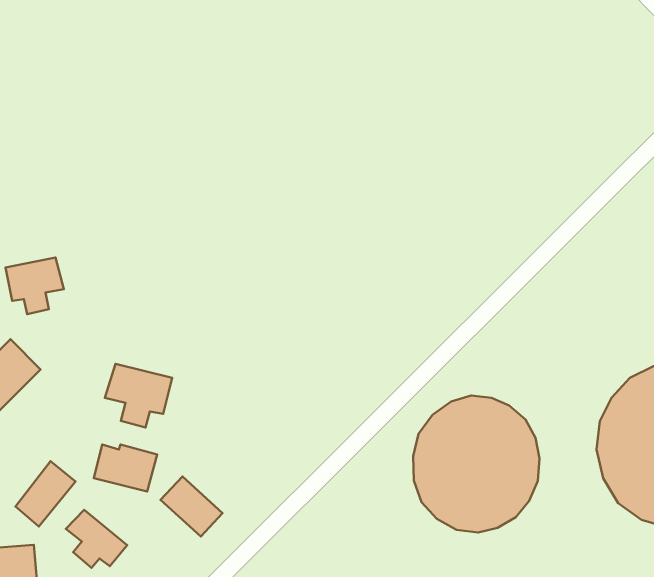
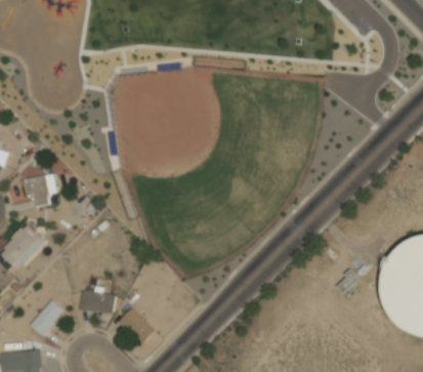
building: [105,364,172,428] -> none
building: [413,395,539,533] -> none
building: [66,510,127,568] -> none

